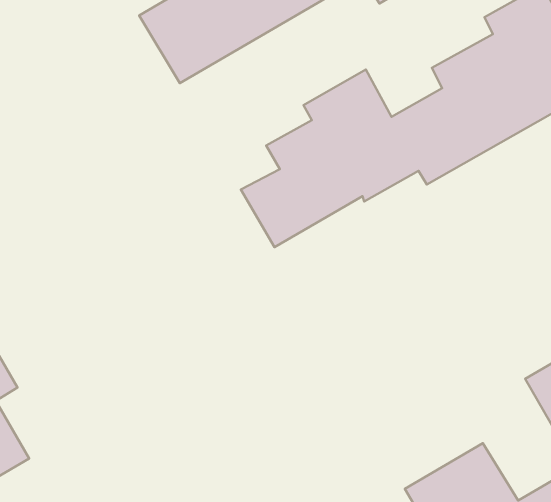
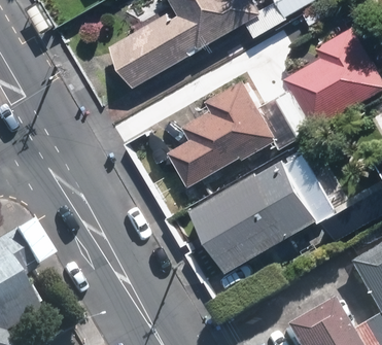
building: none -> [190,158,318,270]

